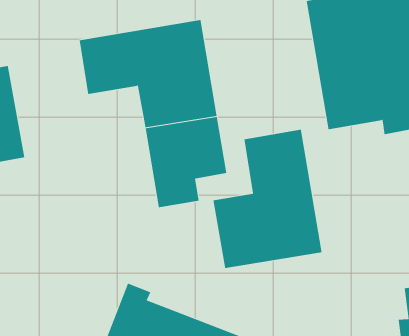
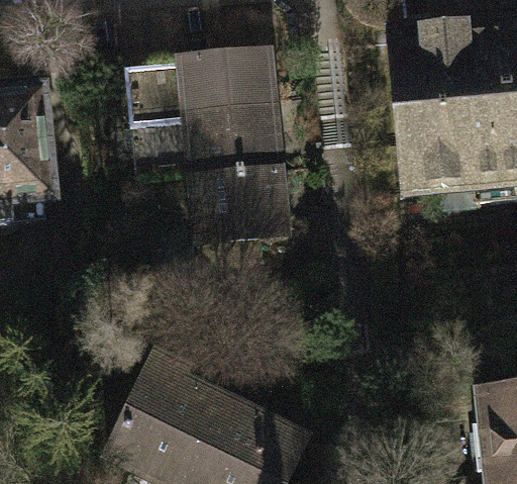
building: [213,129,322,269] -> none

